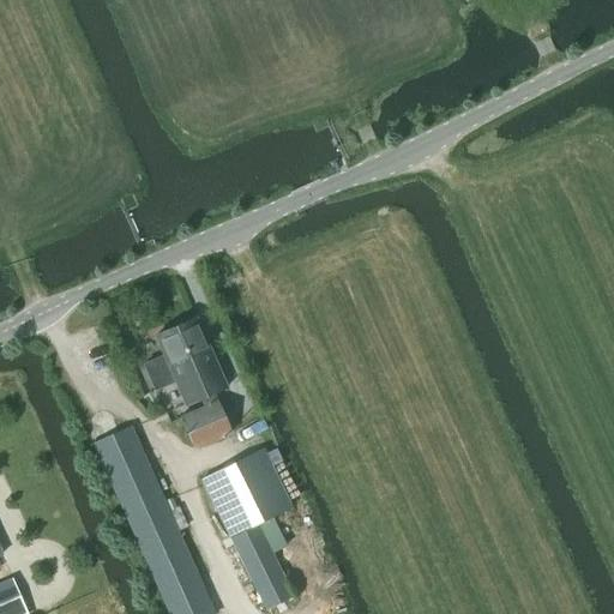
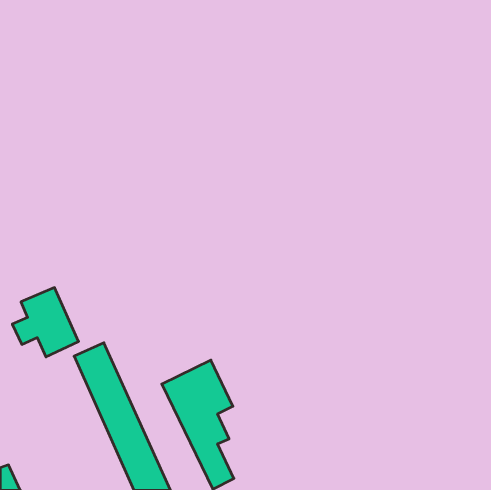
building: [144,318,227,404] -> [12,288,79,357]
building: [181,401,231,446] -> none

